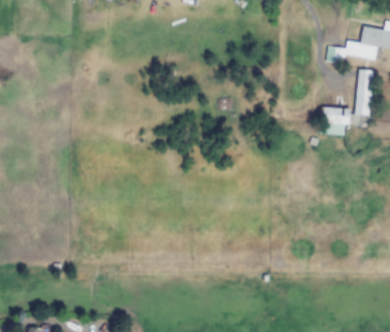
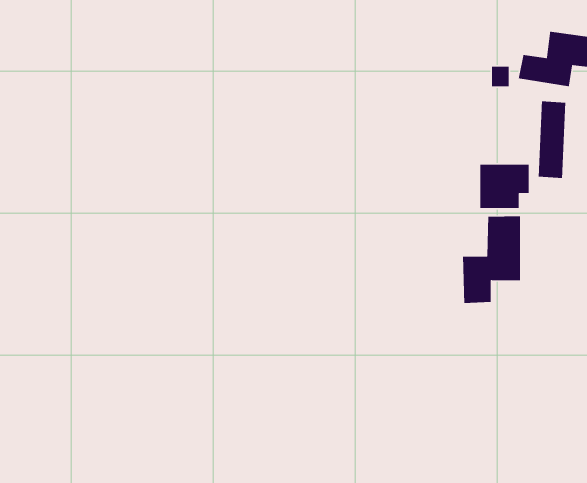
building: none -> [462,215,521,304]

